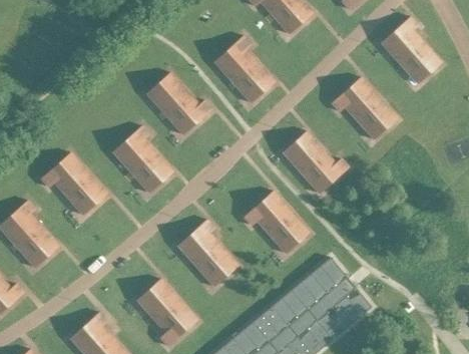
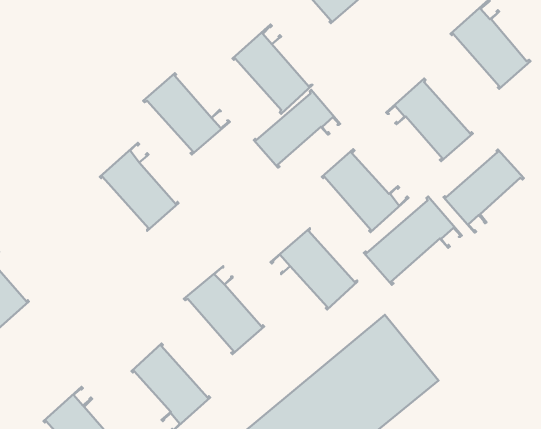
building: none -> [254,90,340,168]
building: none -> [443,150,524,233]
building: [41,152,107,215] -> none
building: none -> [364,196,462,285]

